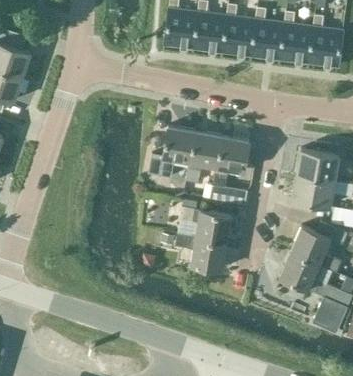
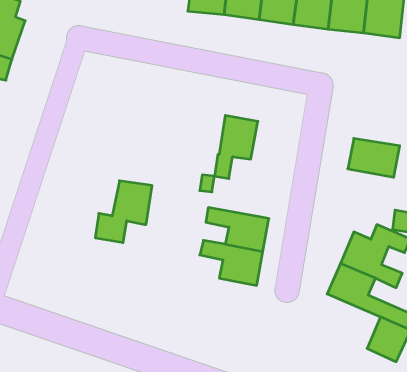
building: [148,127,195,178] -> [95,181,152,243]
building: [210,136,249,204] -> none
building: [292,175,334,207] -> none

